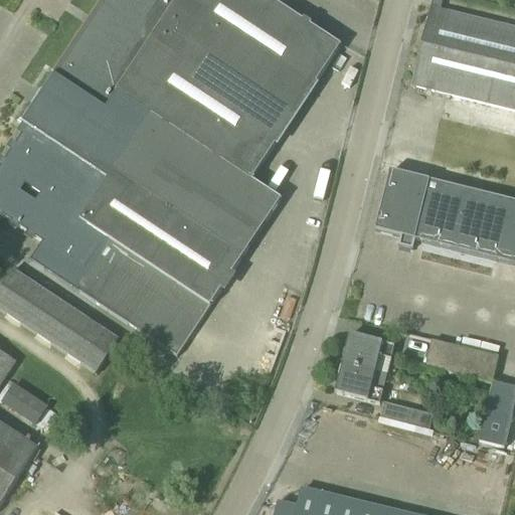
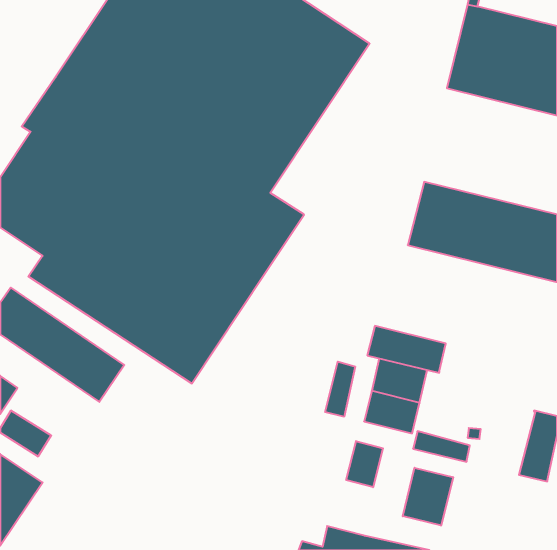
building: none -> [325,362,355,417]
building: [426,337,499,380] -> [367,326,446,373]
building: none -> [346,441,383,487]
building: none -> [403,468,453,526]

